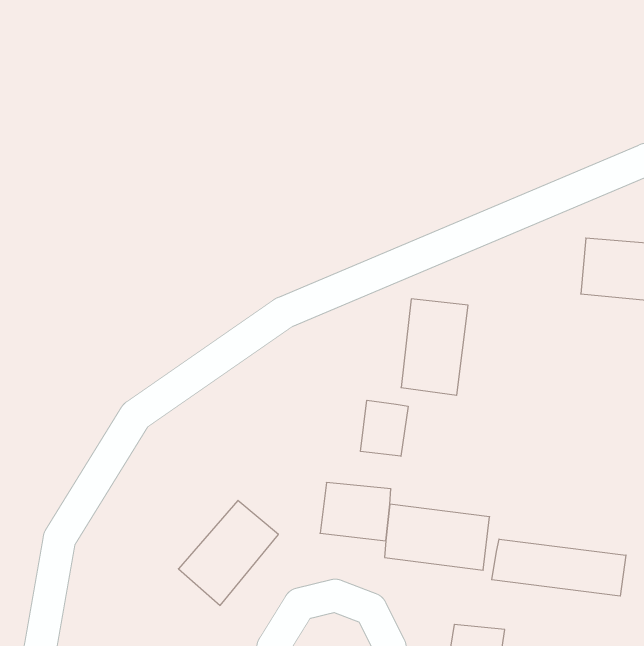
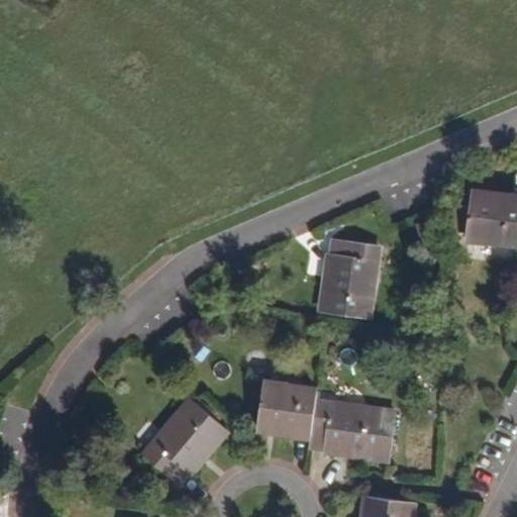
building: [360,400,408,456] -> none
building: [492,539,626,596] -> none

